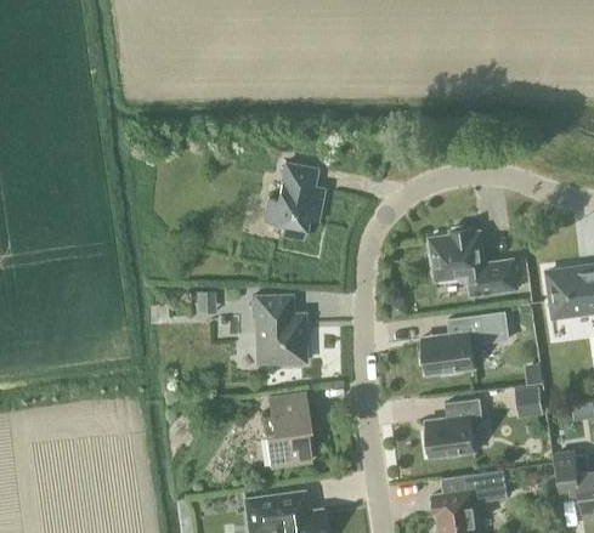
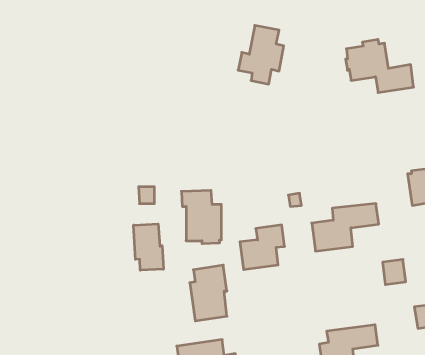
building: [264,163,323,239] -> [238,25,284,84]
building: [429,227,517,296] -> [346,39,414,93]
building: none -> [134,224,163,270]
building: [425,399,483,458] -> [240,225,285,270]

